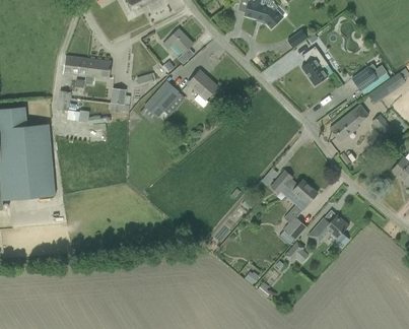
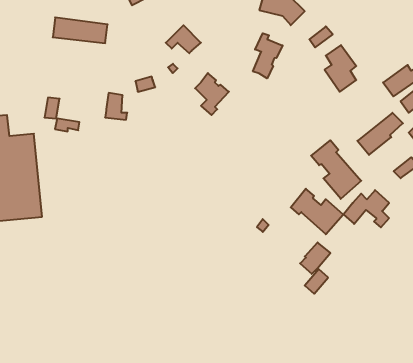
building: none -> [253,33,283,78]
building: [64,56,112,78] -> [53,17,108,43]
building: [139,81,181,124] -> none
building: none -> [311,140,361,199]
building: [310,214,349,247] -> [344,190,389,227]

